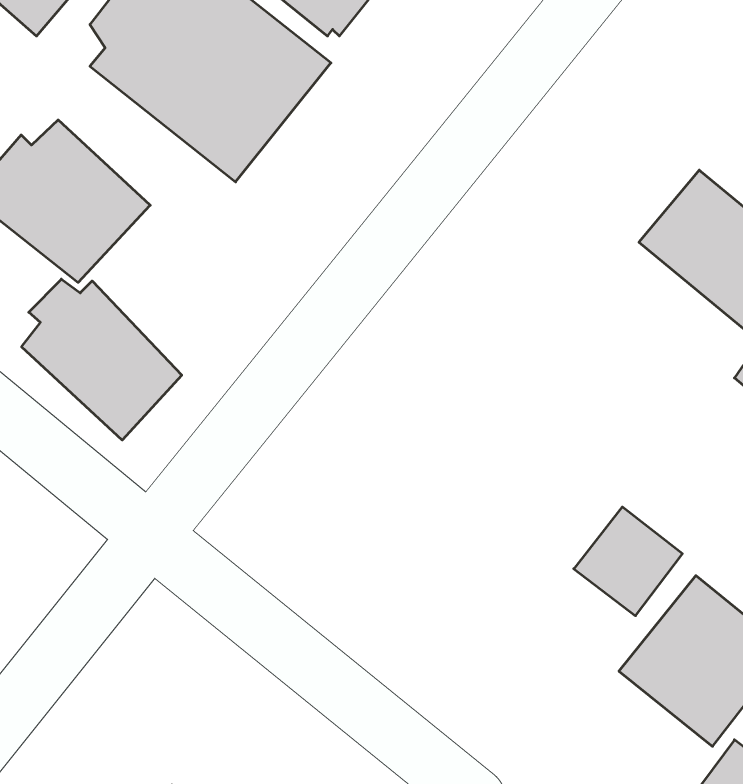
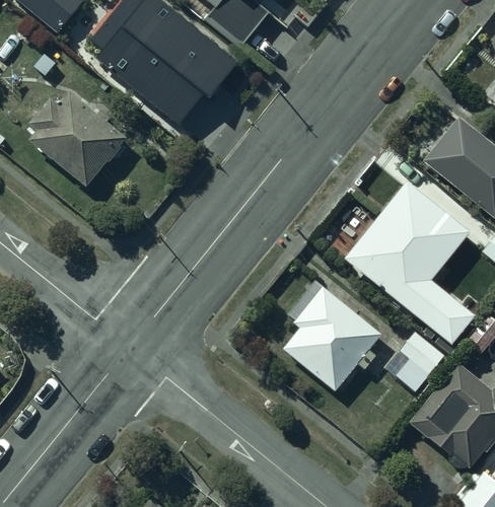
building: none -> [344,178,473,341]
building: [22,279,182,440] -> none
building: none -> [291,286,388,392]

